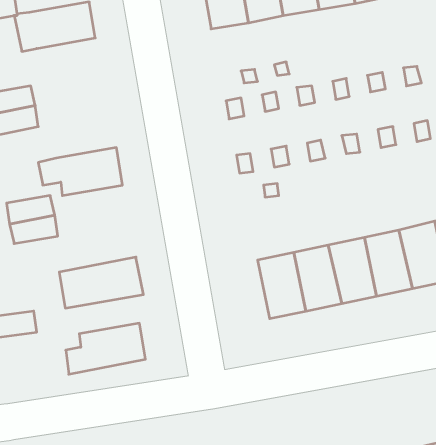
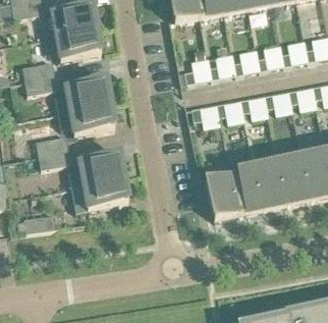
building: none -> [46,26,101,59]
building: none -> [55,76,110,111]
building: [66,323,145,374] -> [69,151,123,185]

